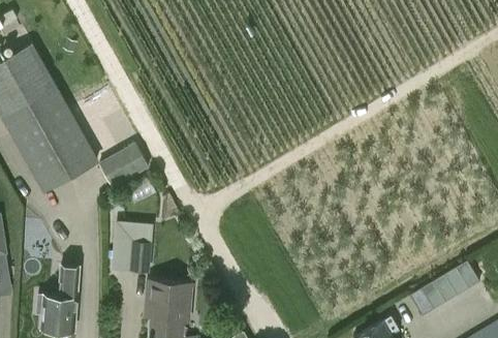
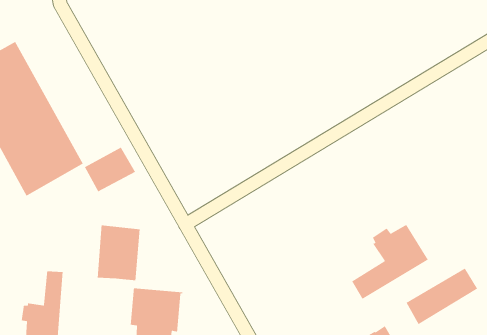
building: none -> [351,224,429,300]

